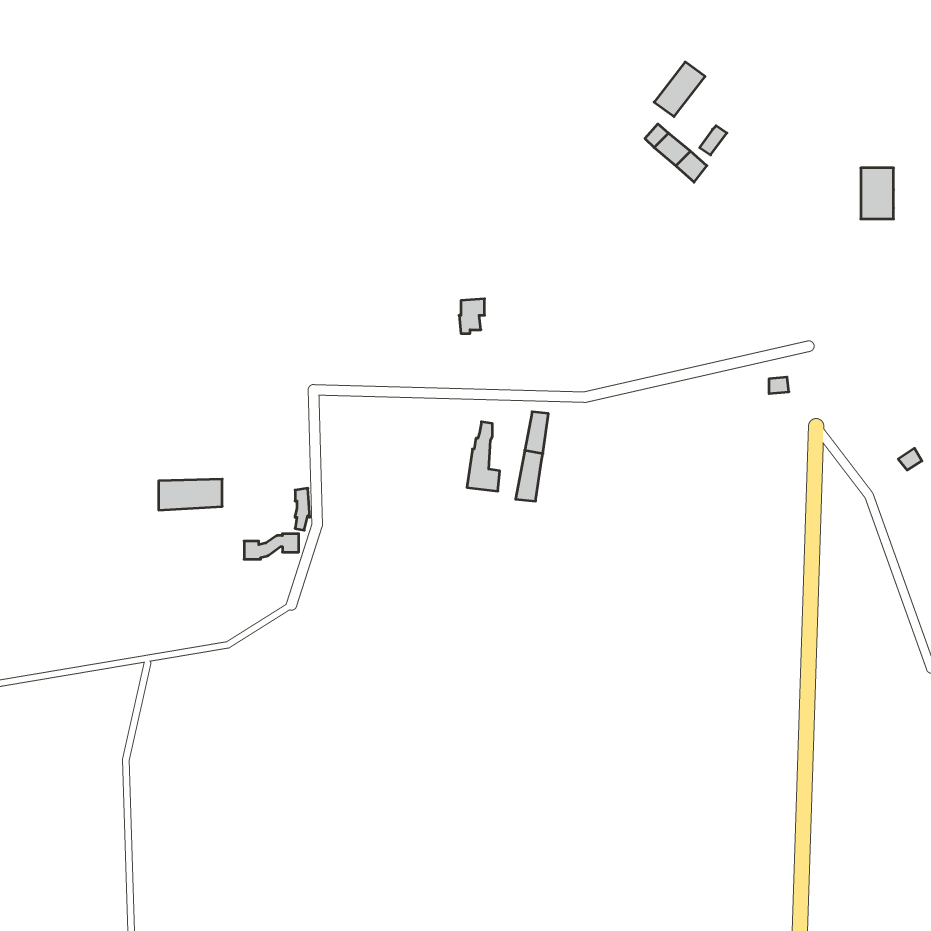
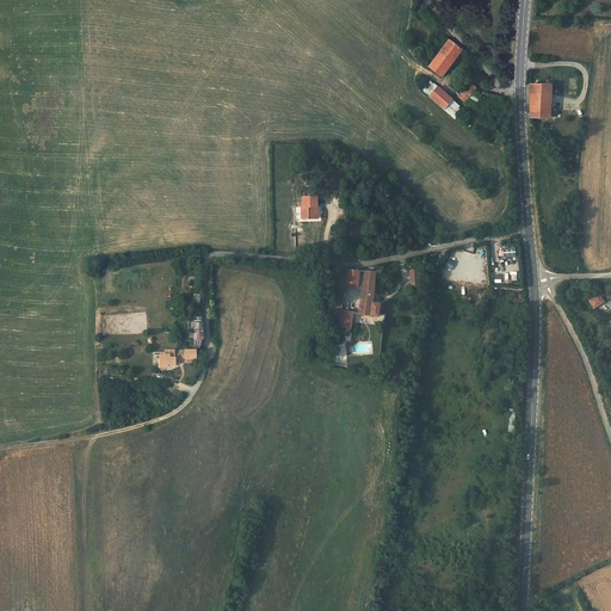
building: [861,168,894,219] -> [530,85,551,118]
building: [467,422,500,491] -> [358,271,379,316]

